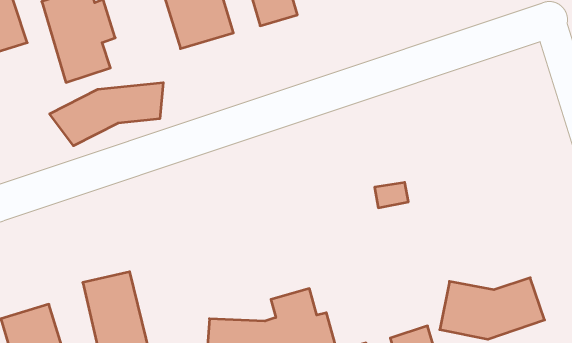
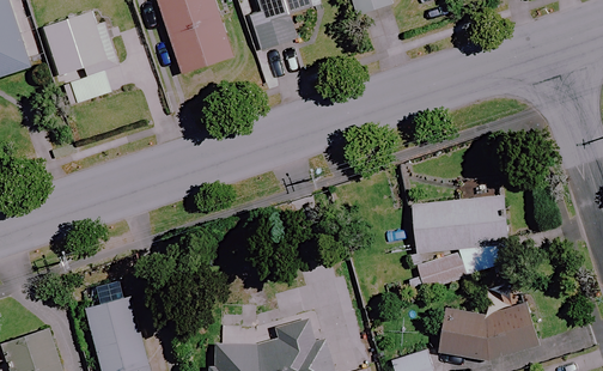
building: [50,83,163,146] -> none
building: none -> [409,191,514,286]

